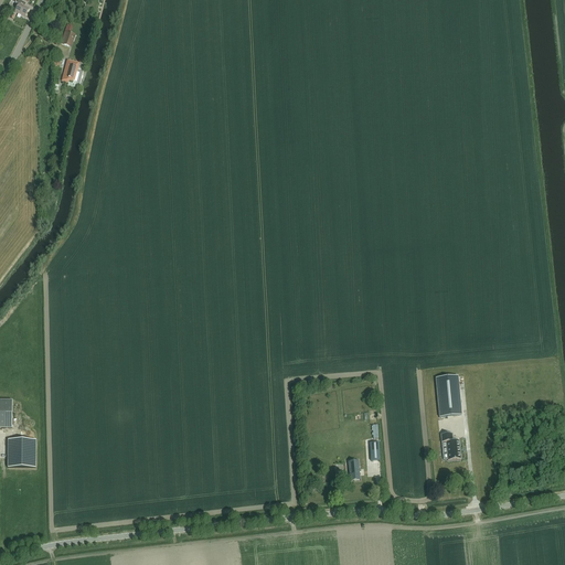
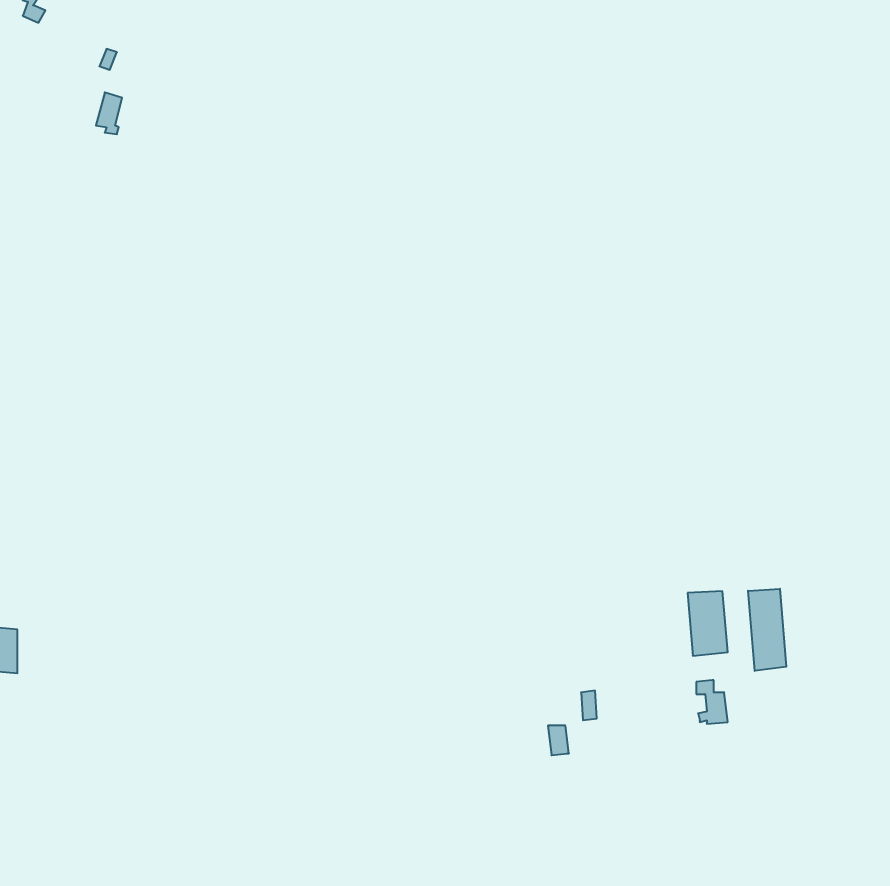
building: none -> [748,589,786,671]
building: [7,437,35,466] -> none

